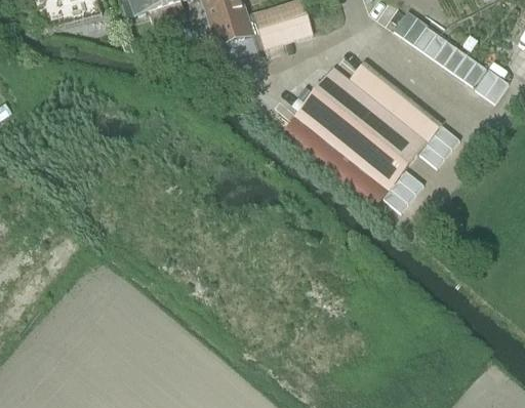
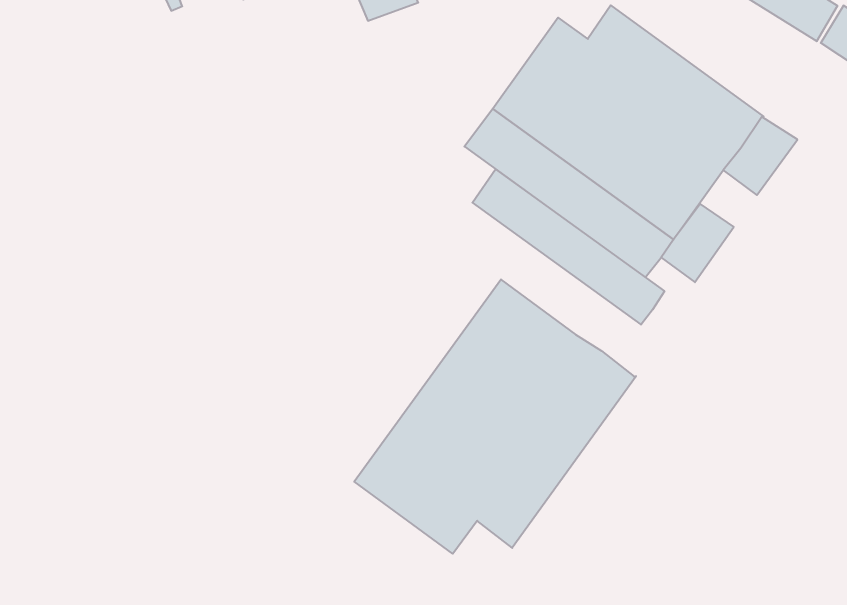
building: none -> [472,169,664,325]
building: none -> [354,279,636,554]

